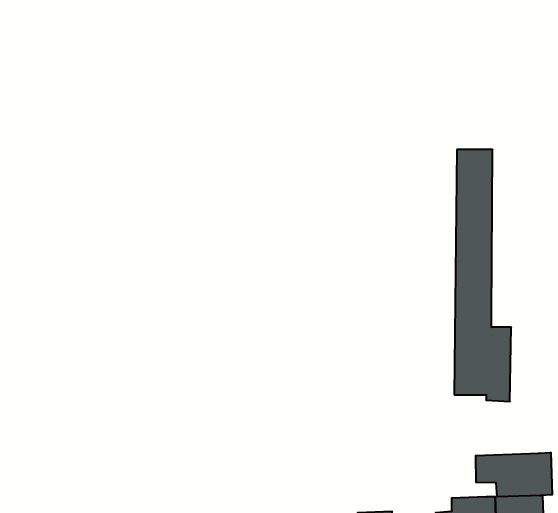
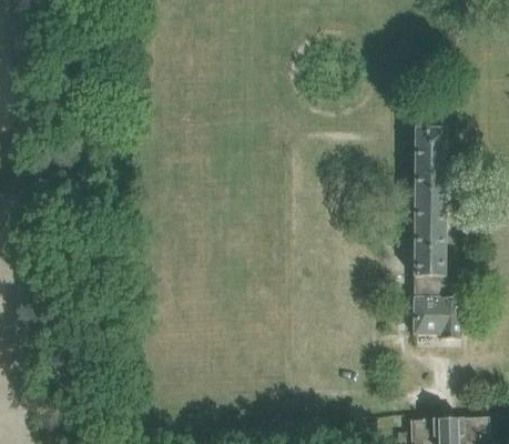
building: [476,452,552,497] -> none

